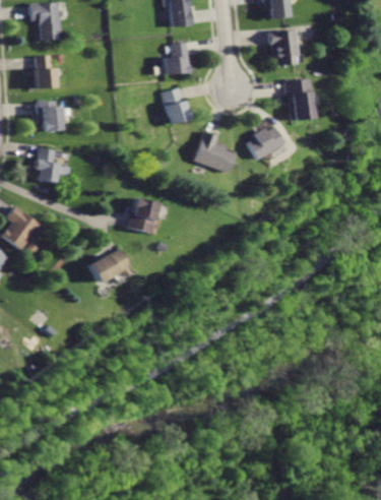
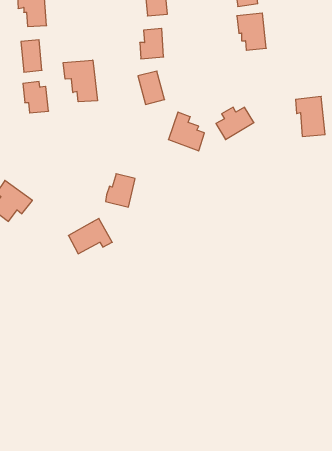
building: none -> [63,60,97,102]
building: [283,78,315,121] -> [296,96,325,136]
building: [38,147,60,182] -> none

